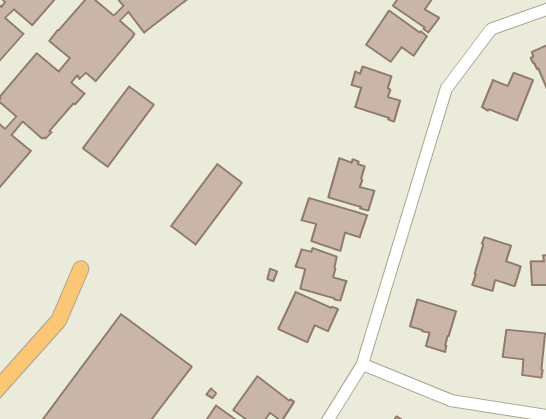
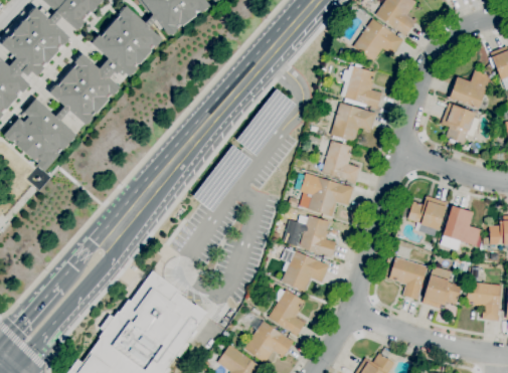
building: [83,86,154,167] -> [235,89,294,156]
building: none -> [330,104,376,143]
building: none -> [441,104,480,144]
building: none -> [407,196,448,230]
building: none -> [421,267,465,309]
building: none -> [268,290,305,338]

